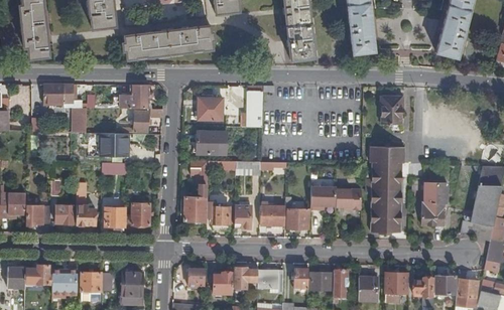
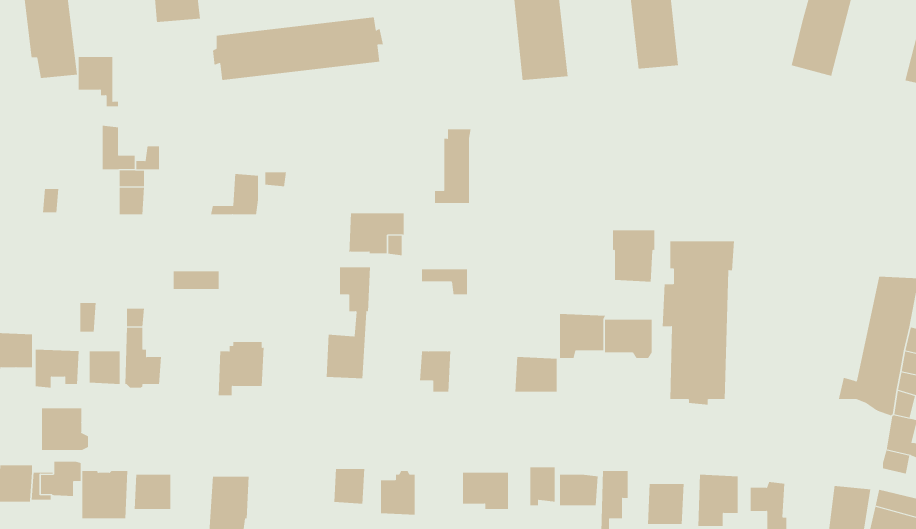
building: [44,84,67,111] -> [78,57,119,107]
building: [120,85,149,108] -> none
building: [380,96,403,124] -> [612,230,655,282]
building: [199,98,224,120] -> none
building: [100,132,129,155] -> none
building: [421,183,448,225] -> none
building: [208,200,236,229] -> none
building: [260,205,285,224] -> none
building: [105,206,126,226] -> none
building: none -> [41,407,89,451]
building: [235,267,258,288] -> none
building: [435,275,457,293] -> none

